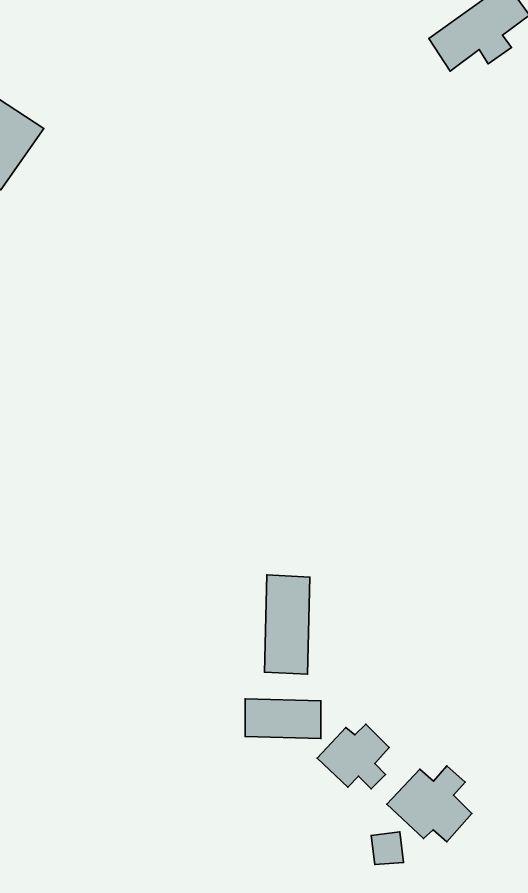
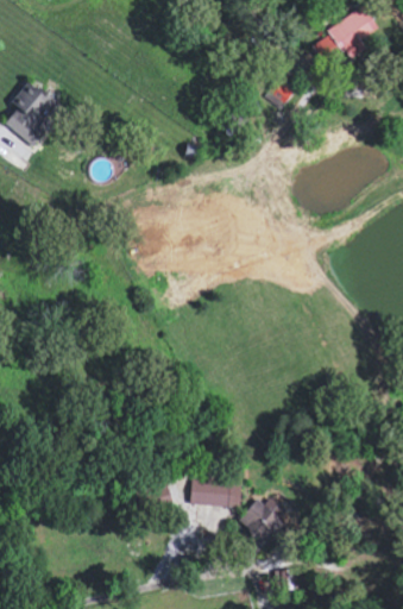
building: [264,575,310,674] -> none
building: [387,766,472,842] -> none

